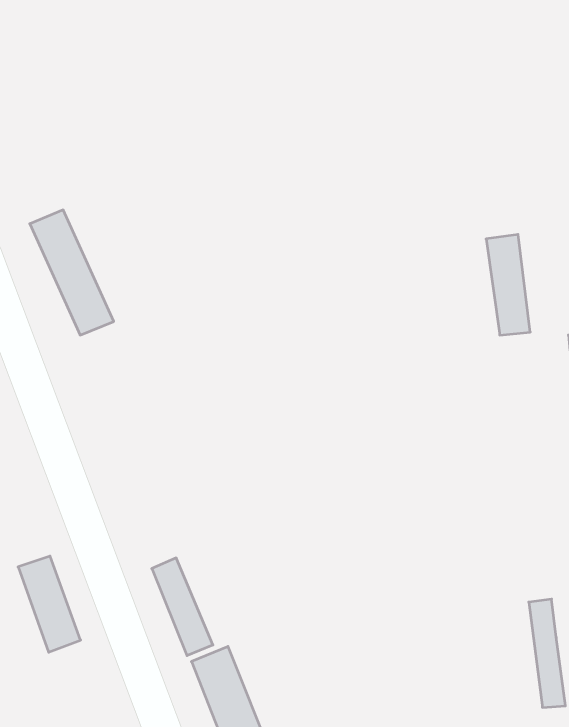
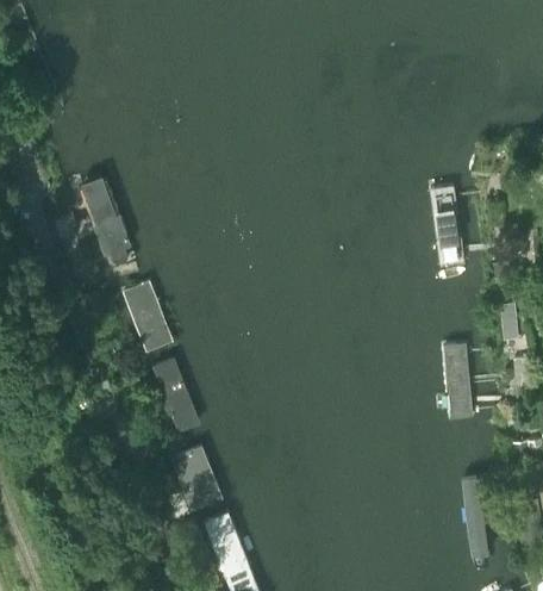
building: none -> [121,280,174,355]
building: none -> [443,343,475,419]
building: [18,556,81,652] -> [152,356,201,431]

